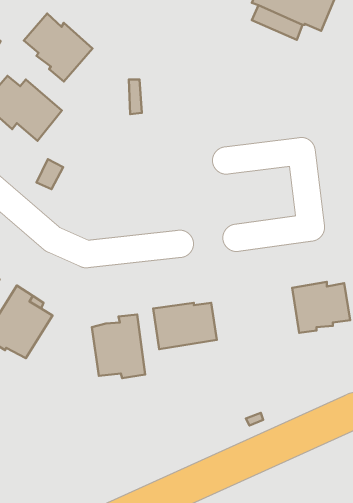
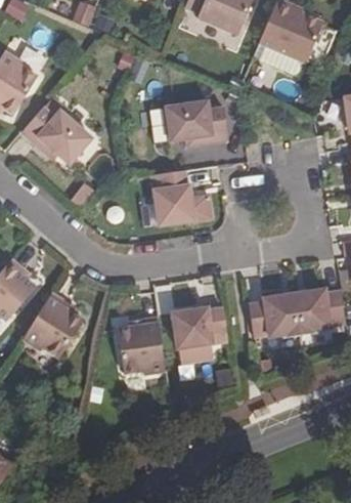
building: [24,14,92,82] -> none
building: none -> [166,100,228,144]
building: none -> [151,169,212,225]
building: none -> [248,294,300,336]

